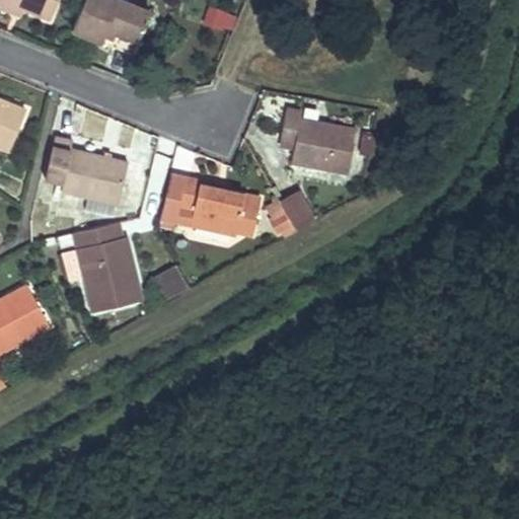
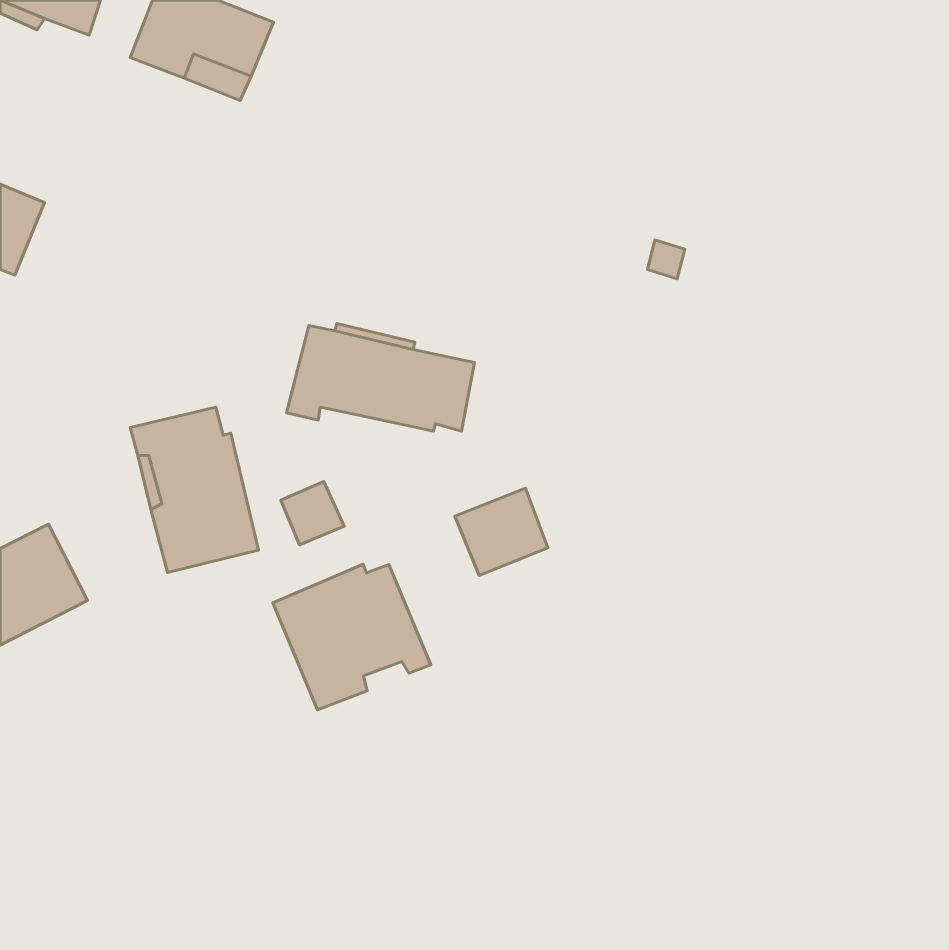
building: [281,109,355,172] -> none
building: [44,137,129,206] -> none
building: [265,188,315,235] -> [455,488,548,576]
building: none -> [273,564,431,710]

